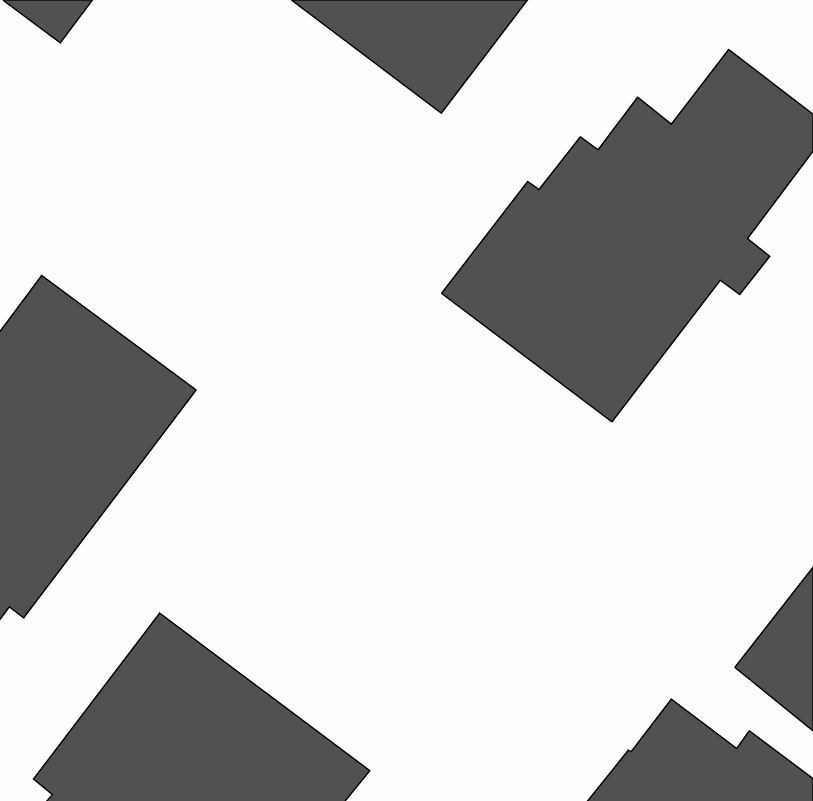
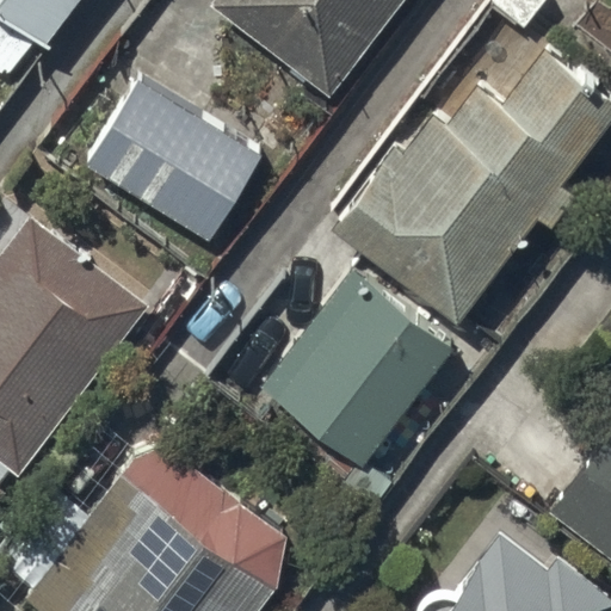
building: none -> [85,79,264,240]
building: none -> [263,270,453,464]

